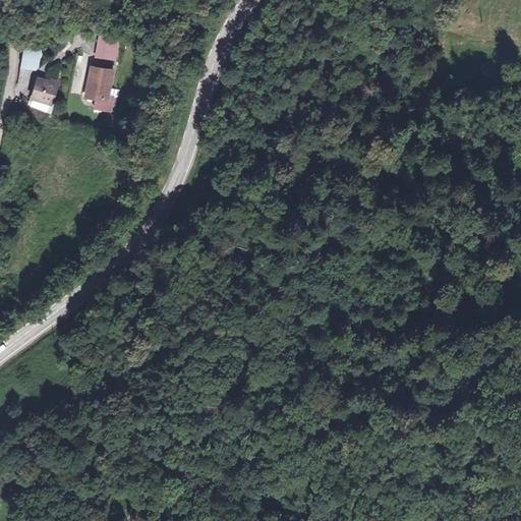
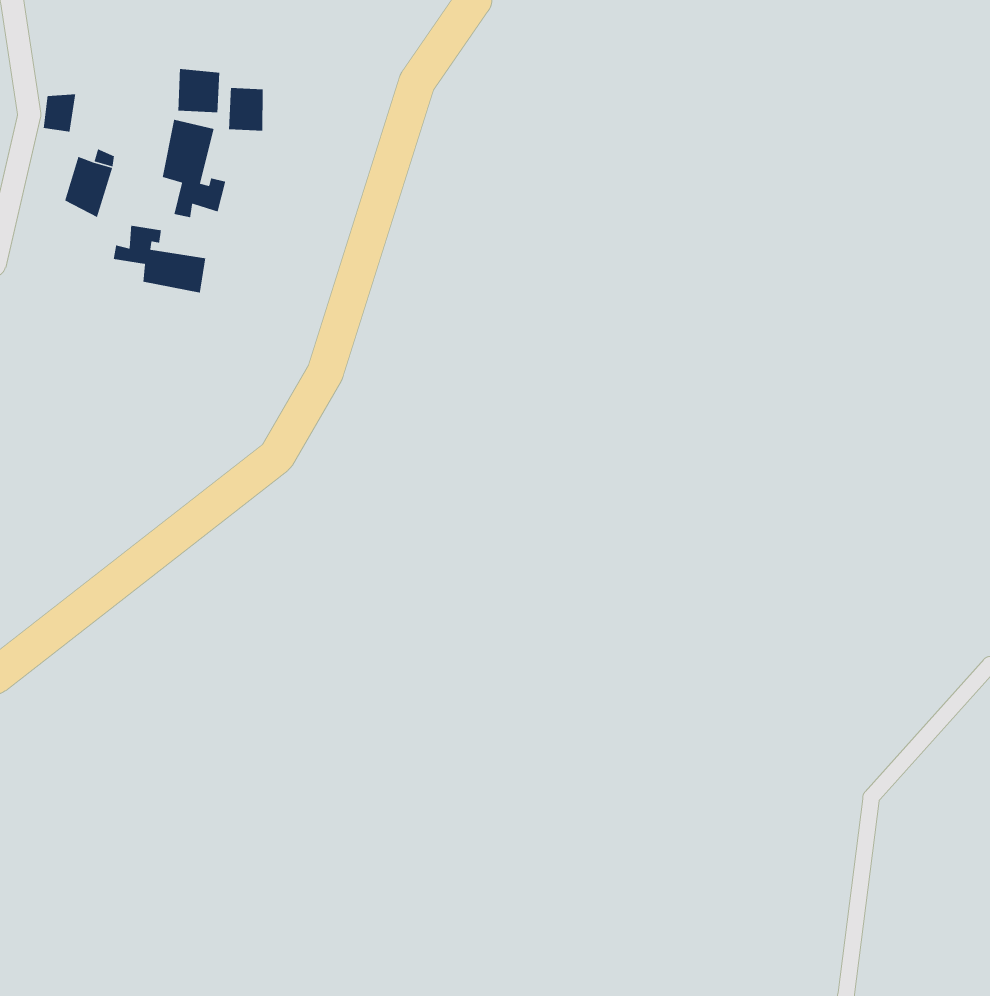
building: none -> [228,87,263,132]
building: none -> [113,225,206,294]

